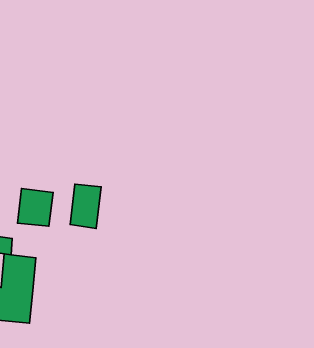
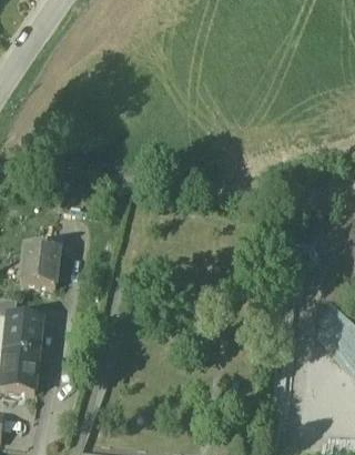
building: [70,184,101,229] -> none

